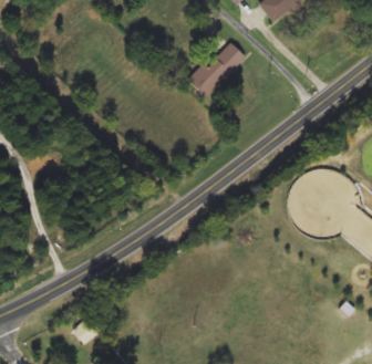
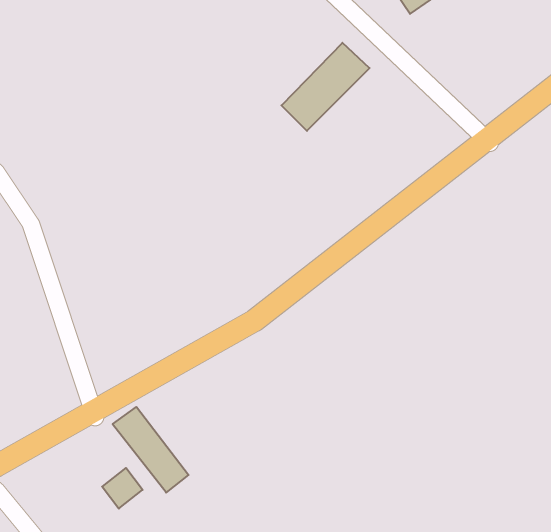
building: none -> [113,407,189,493]

